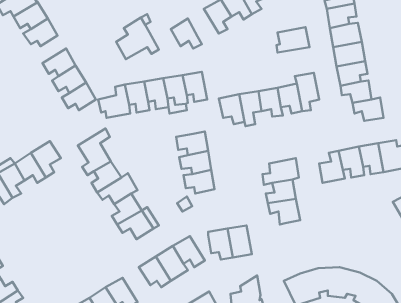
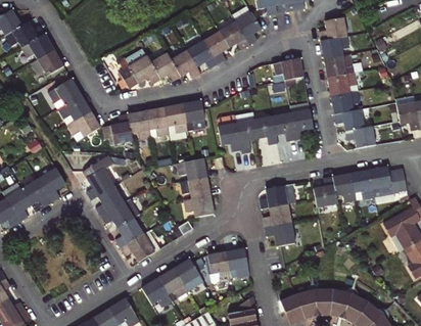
building: none -> [188,40,218,68]
building: none -> [151,52,181,80]

